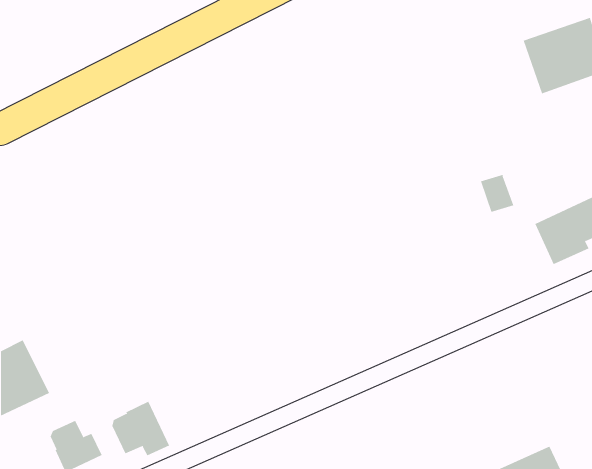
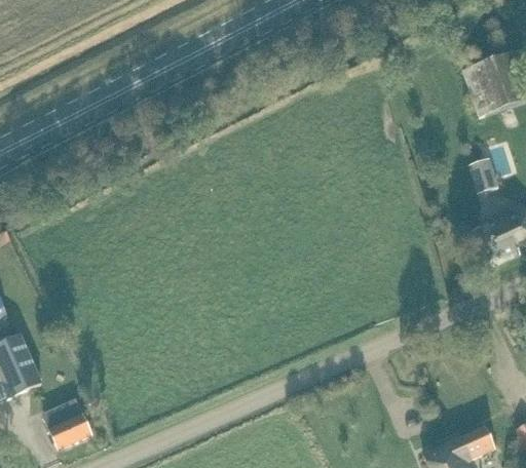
building: [480,174,514,213] -> [468,157,498,191]
building: [112,401,170,456] -> none

